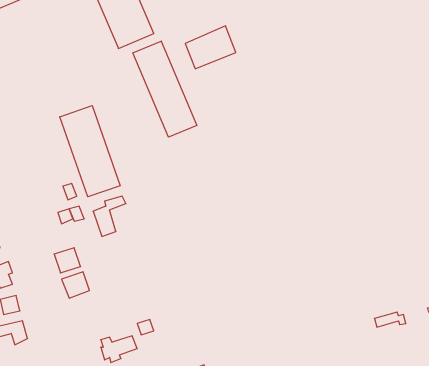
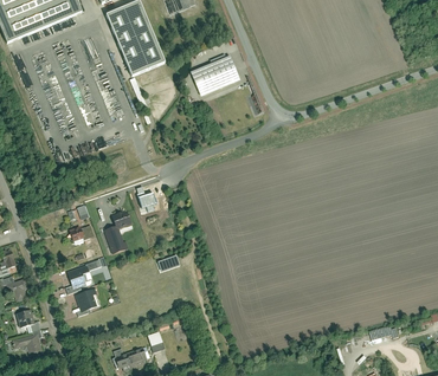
building: [133,41,197,137] -> none
building: [60,106,120,197] -> none

